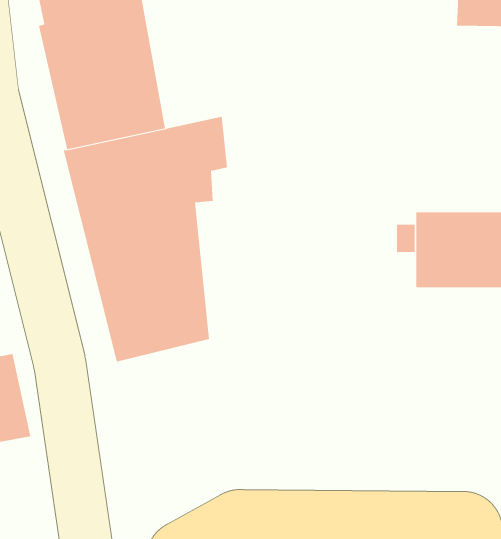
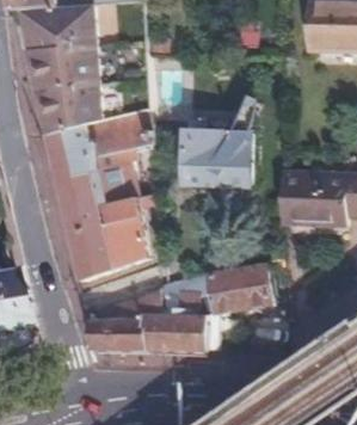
building: none -> [185,115,253,186]
building: none -> [213,261,275,314]
building: none -> [82,288,207,349]

